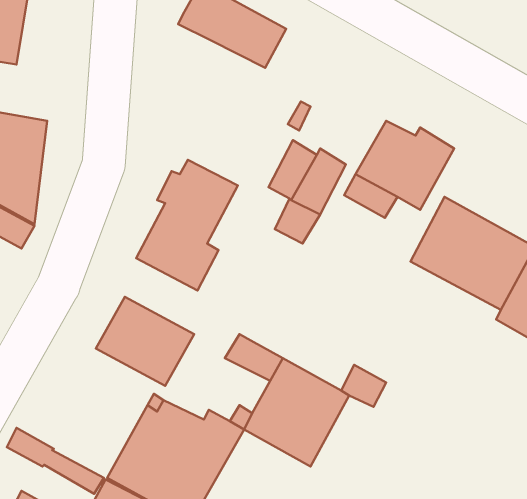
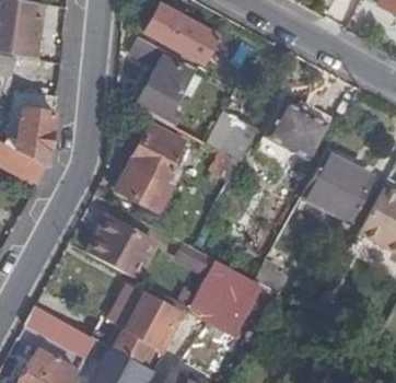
building: none -> [128,34,191,107]

